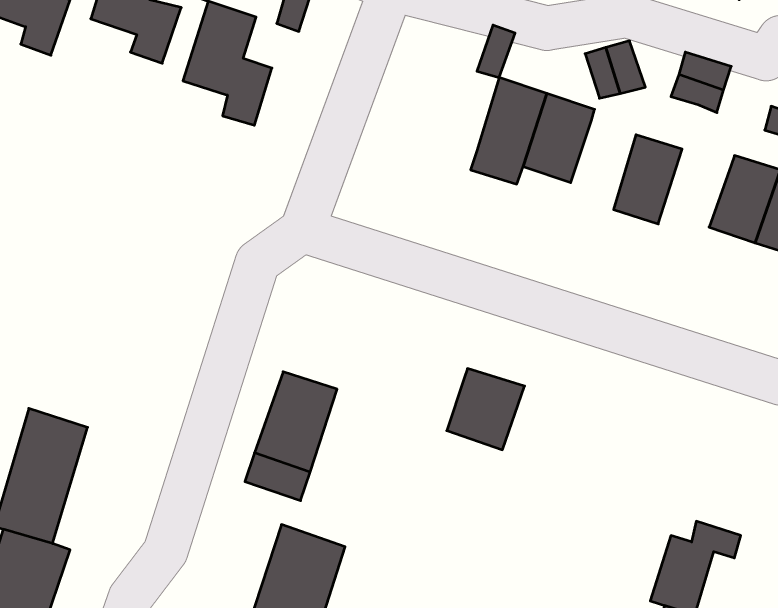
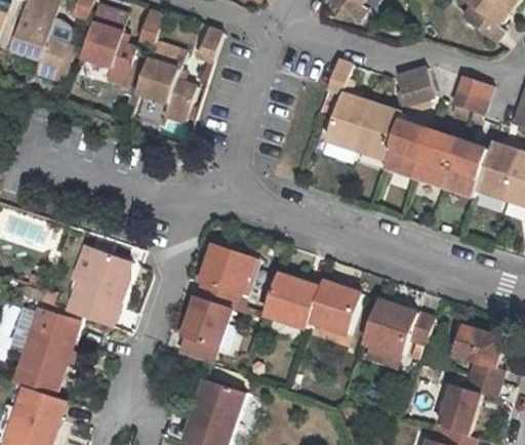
building: none -> [385,120,430,177]
building: none -> [444,138,491,197]
building: none -> [60,240,124,322]
building: none -> [202,243,253,294]
building: none -> [260,272,319,326]
building: none -> [369,299,437,355]
building: none -> [455,327,503,388]

